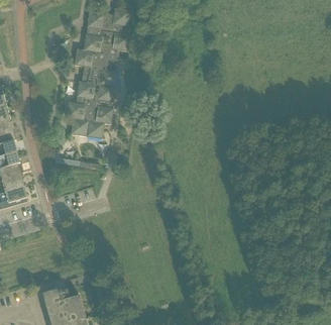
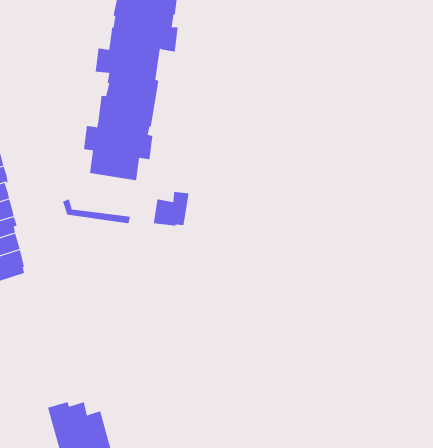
building: none -> [153,191,189,226]

